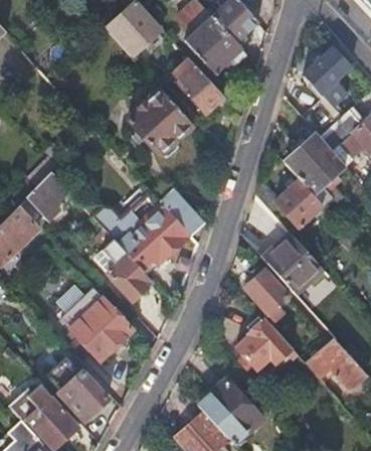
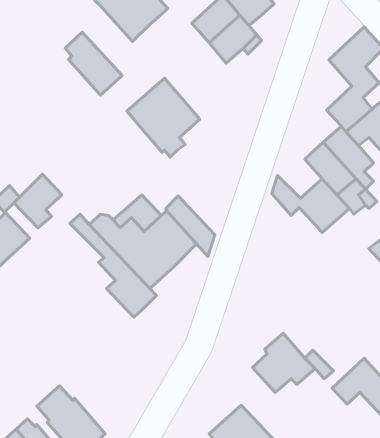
building: [172,57,222,113] -> [65,32,122,95]
building: [262,231,322,291] -> none
building: [244,267,289,318] -> none
building: [67,289,133,363] -> none

